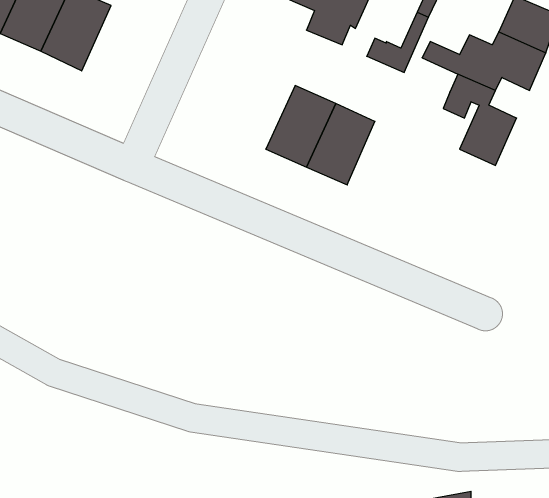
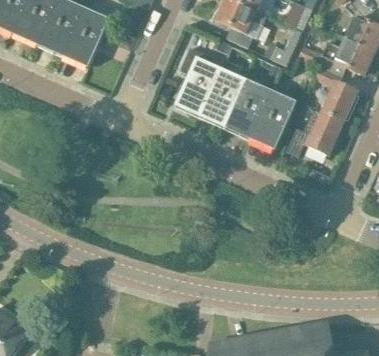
building: none -> [175,47,220,112]
building: none -> [251,95,293,145]
building: none -> [286,112,342,156]

